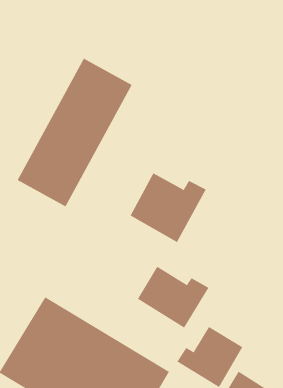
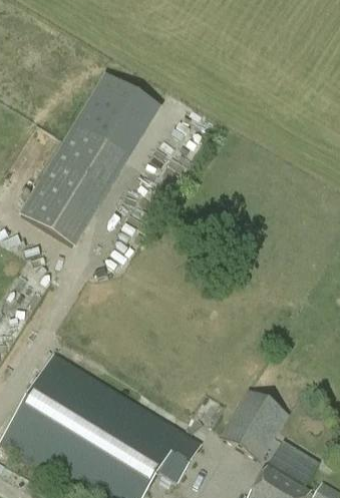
building: [130,173,207,243] -> none
building: [137,266,209,329] -> none

